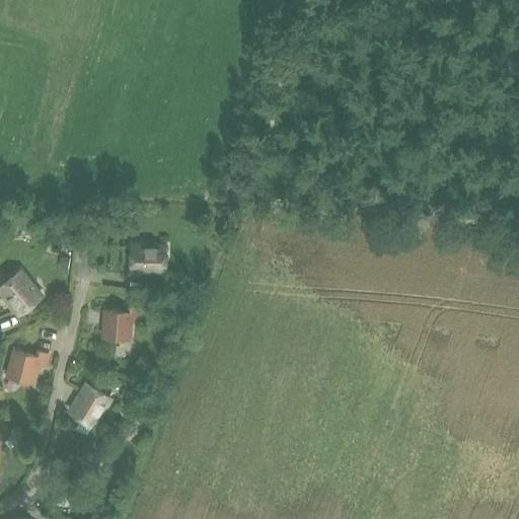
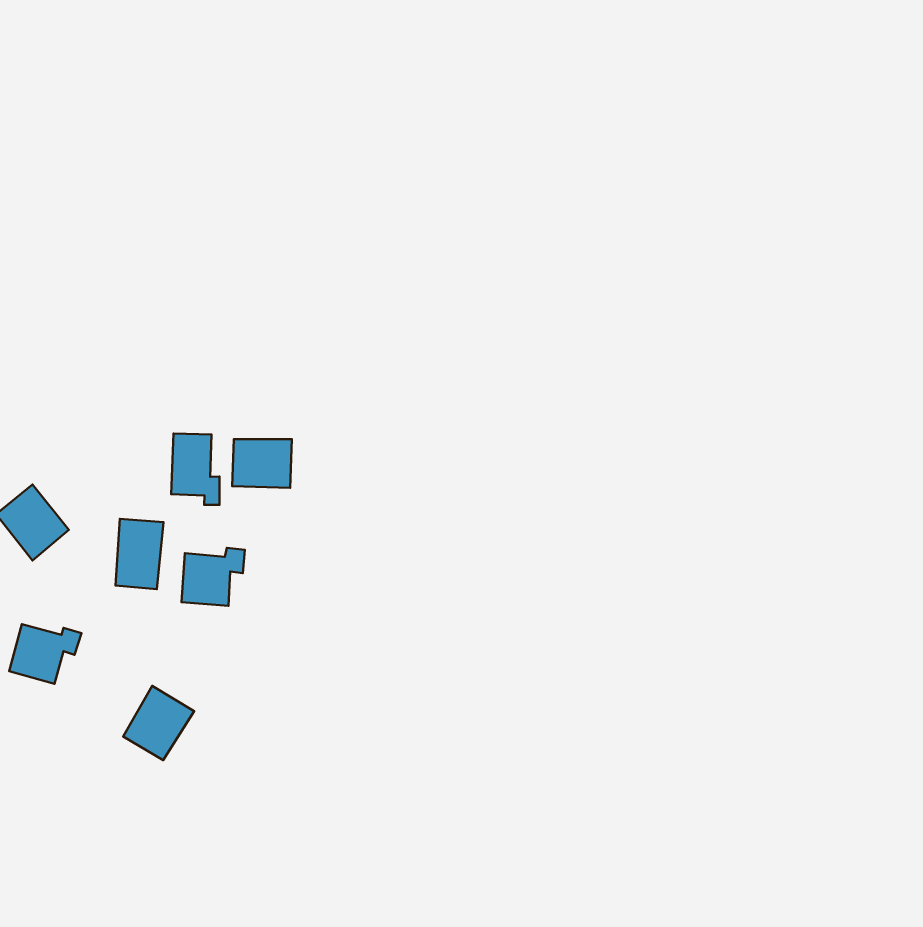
building: none -> [171,433,219,505]
building: none -> [116,519,164,589]

